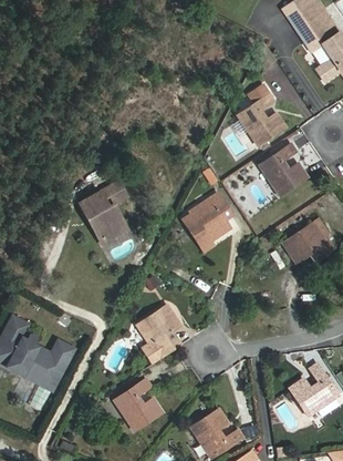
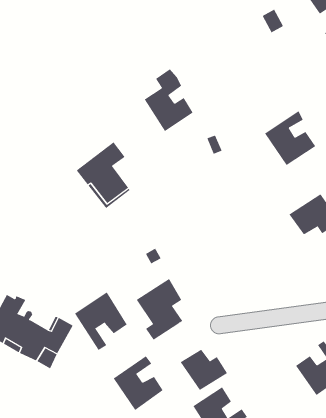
building: [238,85,285,146] -> [144,68,193,132]
building: [183,193,231,253] -> none
building: none -> [74,292,128,351]
building: none -> [180,349,228,391]

